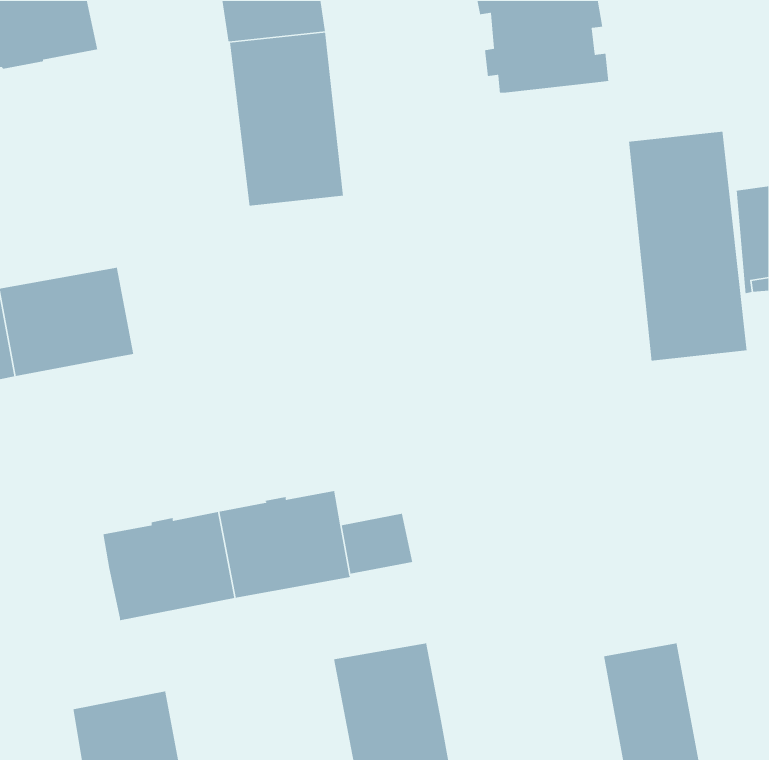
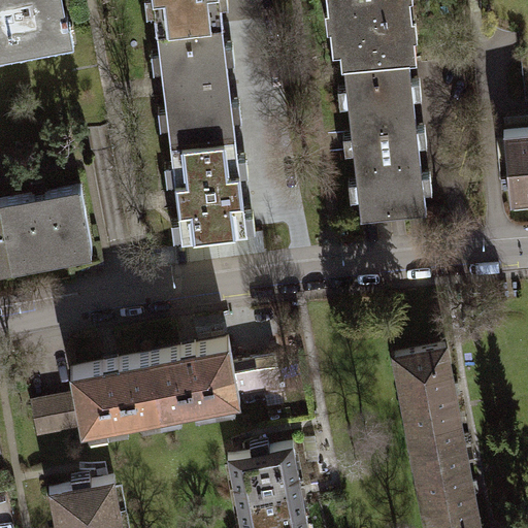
building: [628,131,747,361] -> [344,64,426,222]
building: none -> [170,141,246,244]
building: none -> [394,348,463,456]
building: none -> [32,396,81,438]

